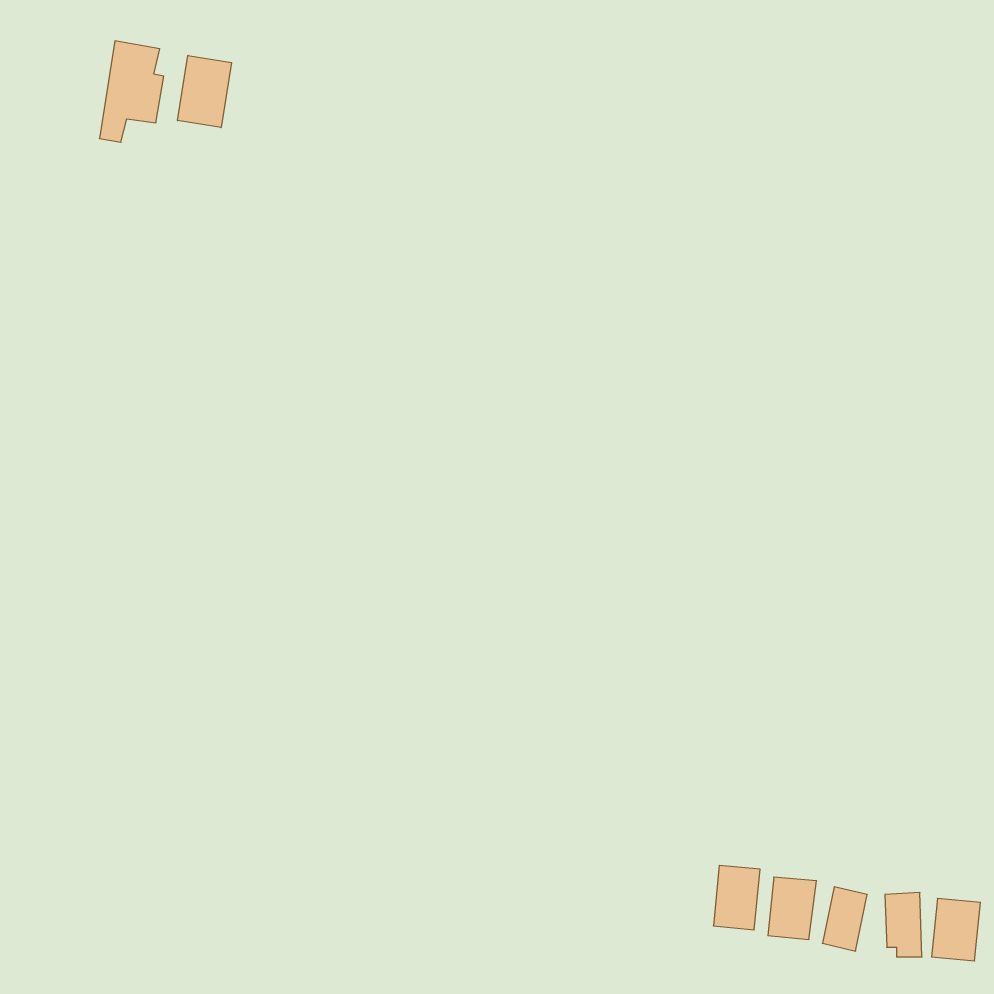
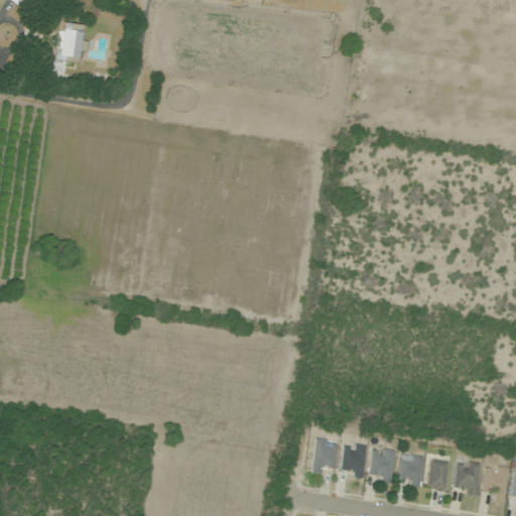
building: [178,55,232,128] -> none
building: none -> [313,438,338,474]
building: none -> [342,442,367,478]

